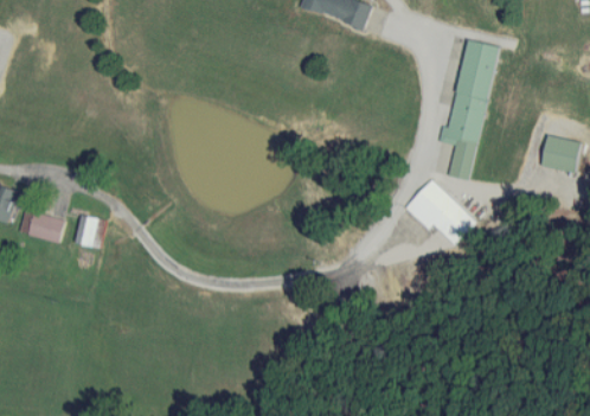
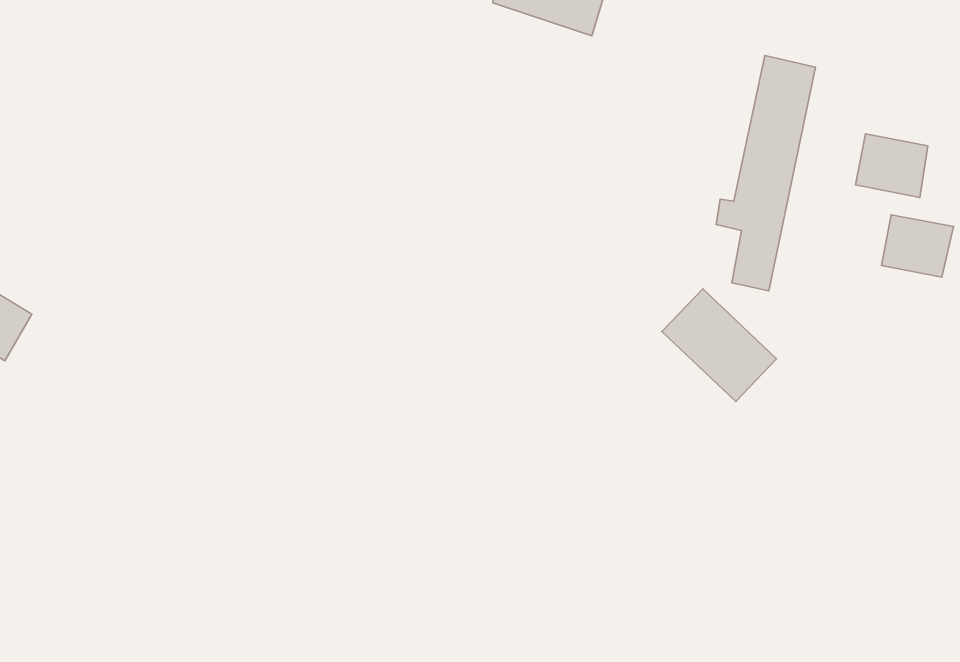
building: none -> [856,134,928,198]
building: [25,211,63,243] -> none
building: [73,215,100,247] -> none

